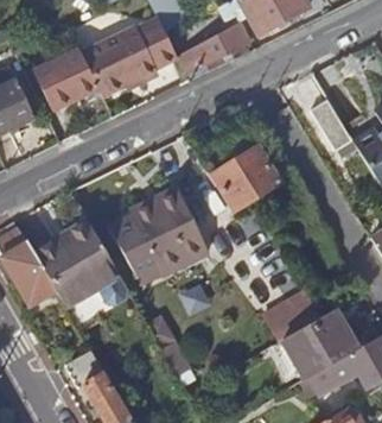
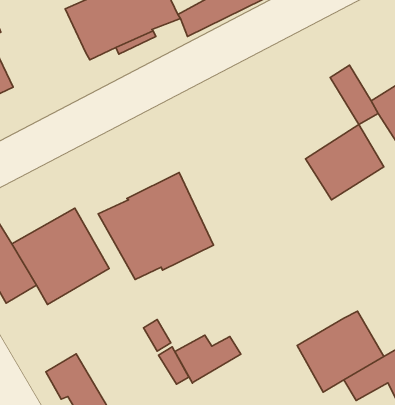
building: [36,49,98,109] -> none
building: [212,146,280,212] -> [305,124,384,200]
building: [265,301,321,342] -> [175,335,241,383]

